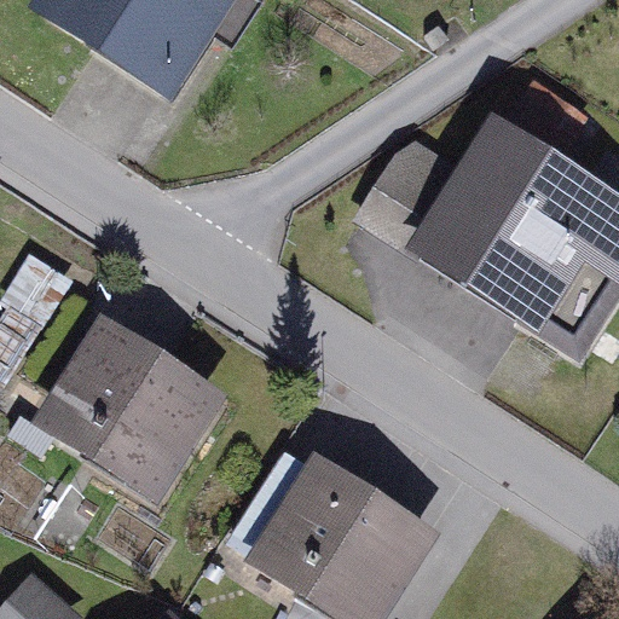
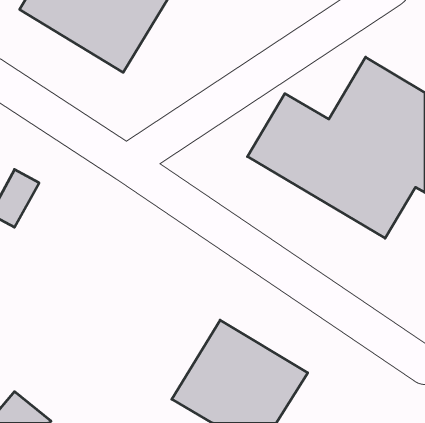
building: [36,319,228,504] -> none

